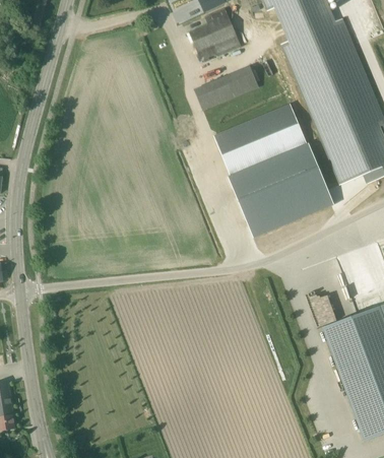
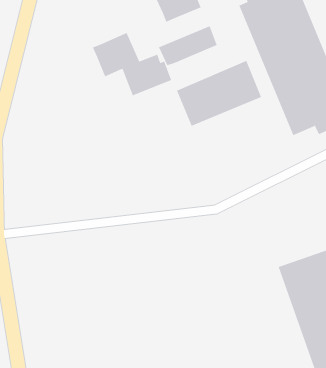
building: none -> [92,32,172,96]
building: [231,142,332,234] -> none

